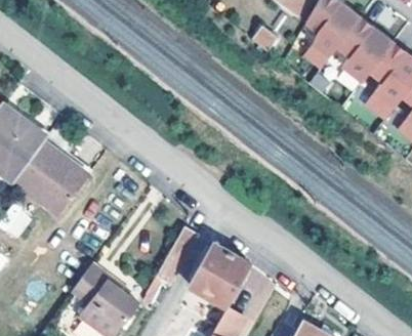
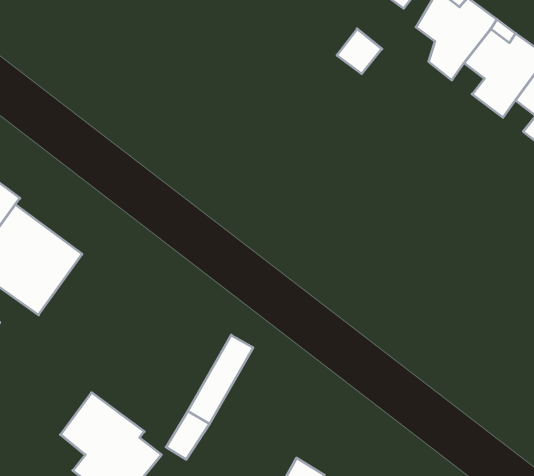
building: [189,244,251,307] -> none

